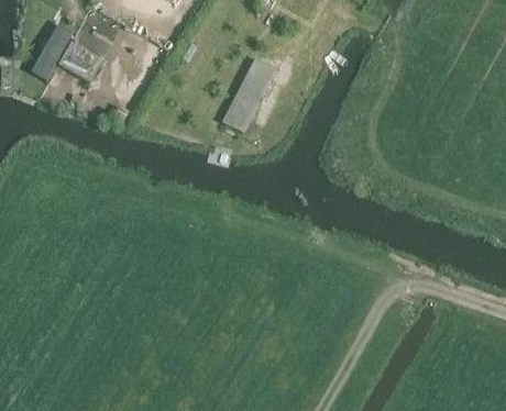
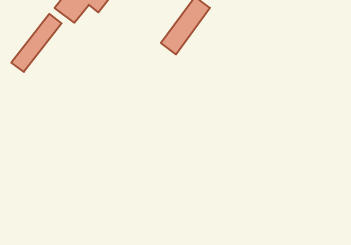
building: none -> [11,14,62,72]

